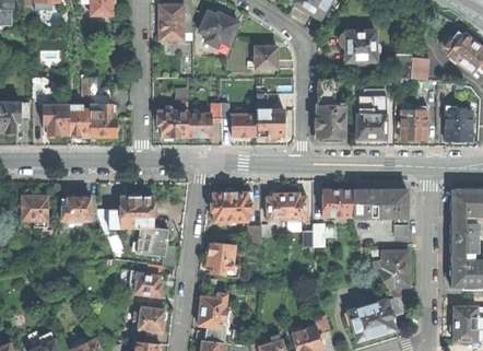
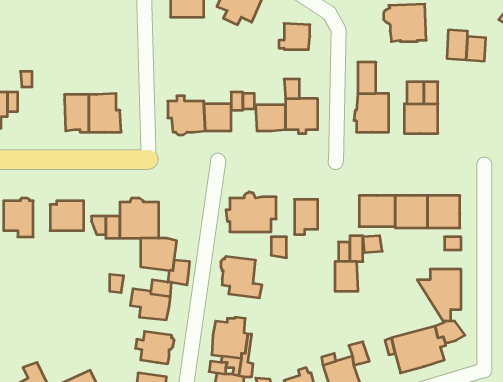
building: [402,103,428,137] -> none
building: [46,105,73,136] -> none
building: [286,194,306,219] -> [335,262,358,291]

